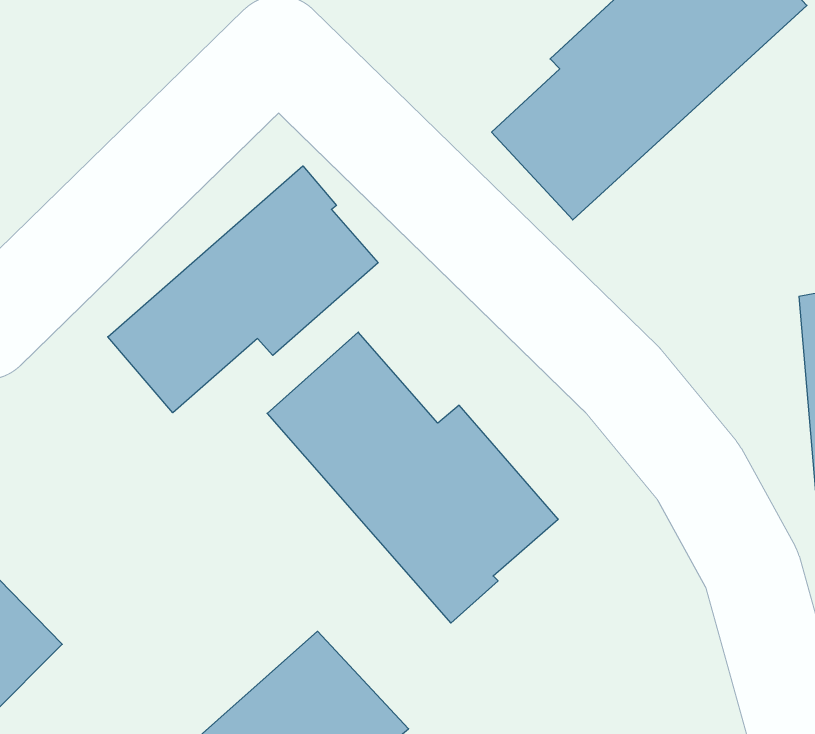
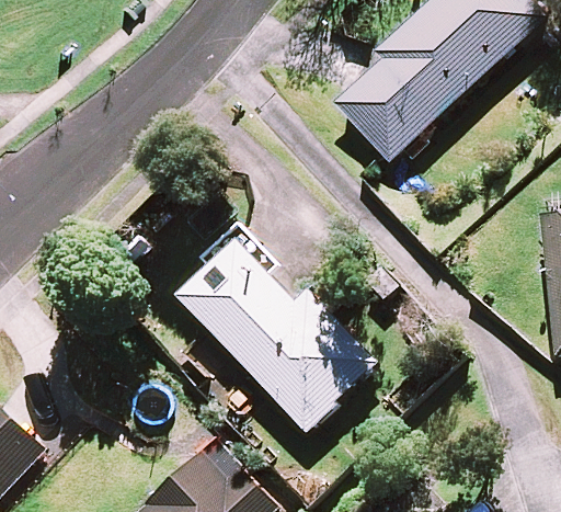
building: [108,166,378,413] -> none

